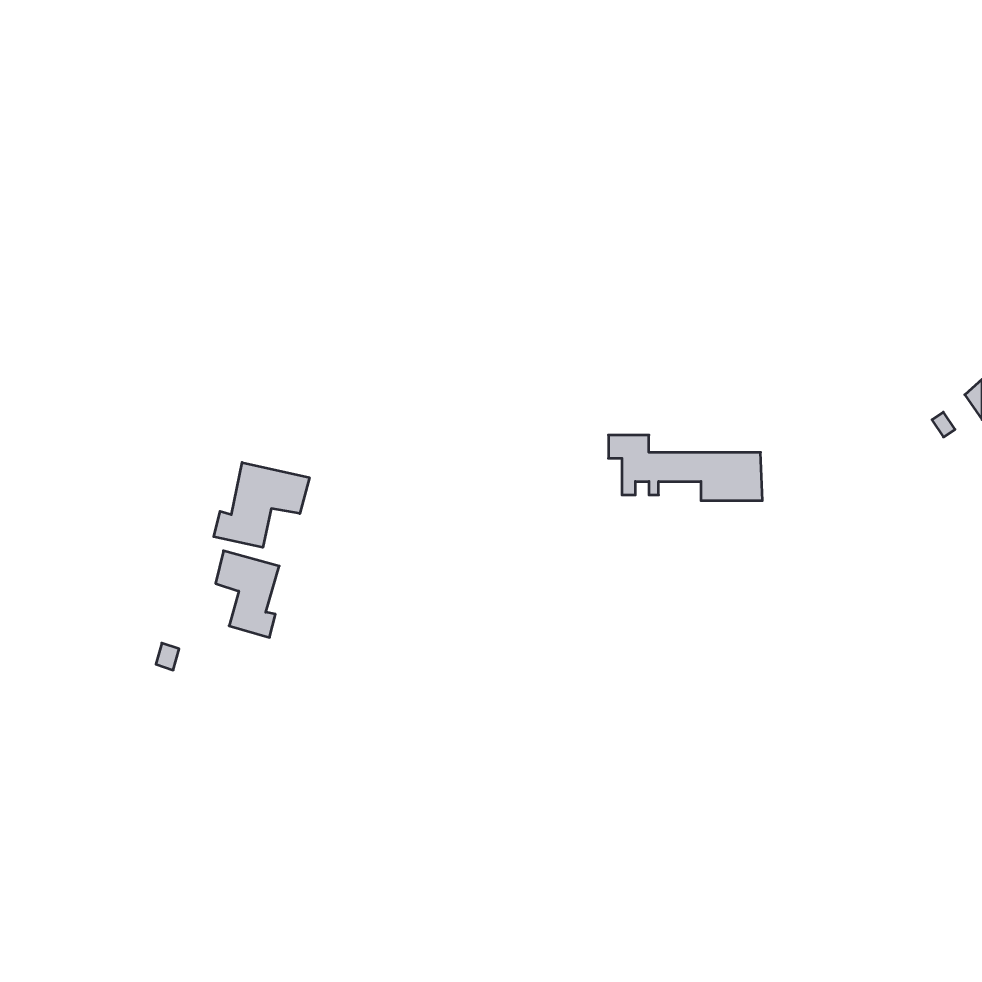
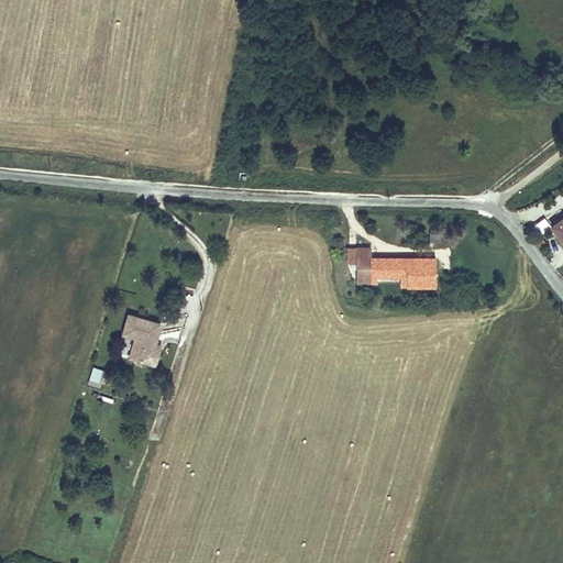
building: [214,462,309,547] -> none

